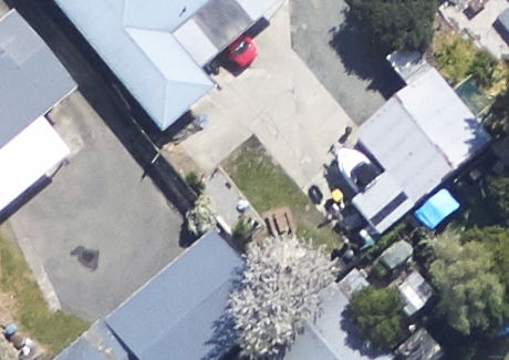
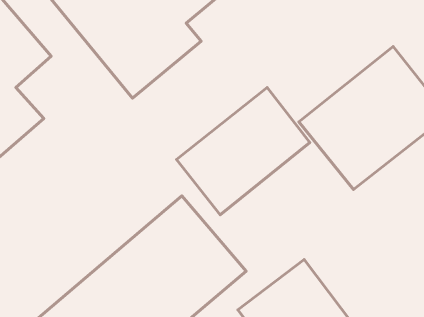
building: none -> [177,87,310,215]

